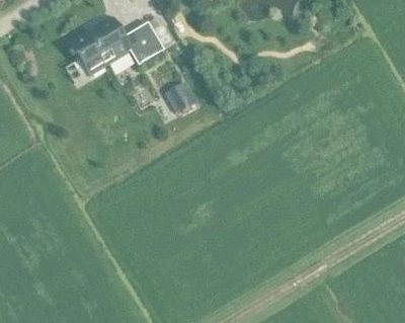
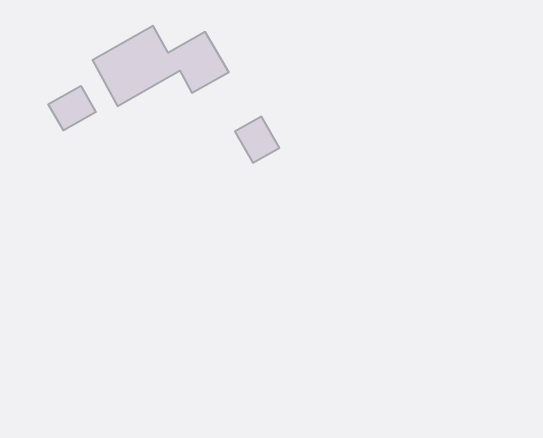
building: none -> [48,86,96,130]

